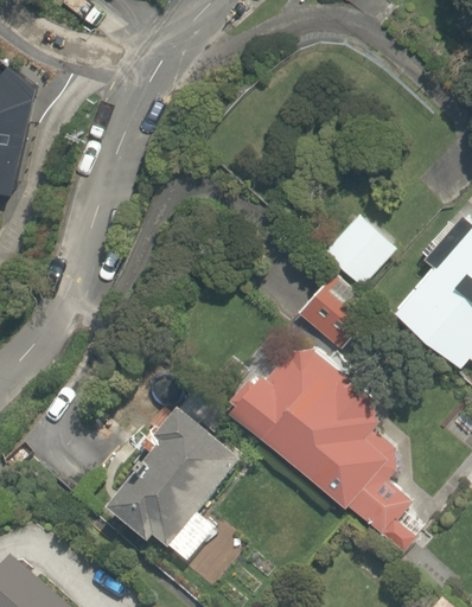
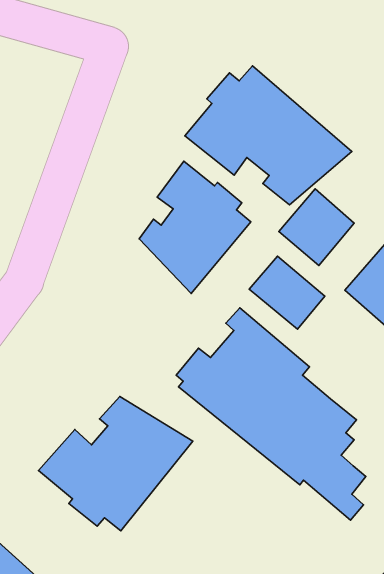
building: none -> [185,66,352,205]
building: none -> [139,161,251,294]

